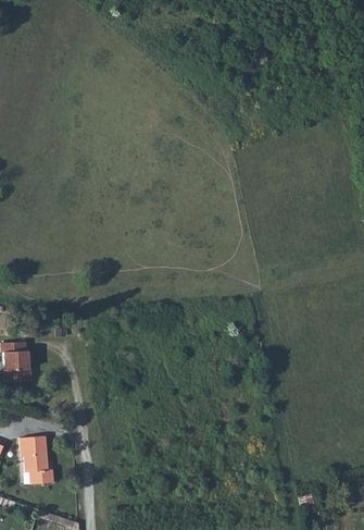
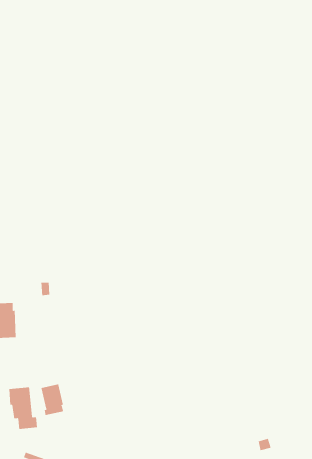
building: none -> [41,383,64,416]

